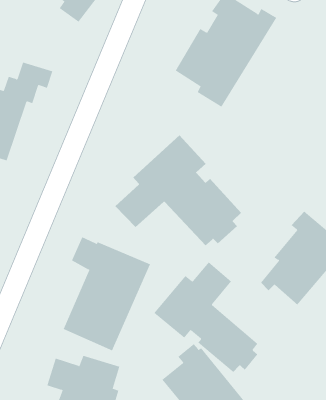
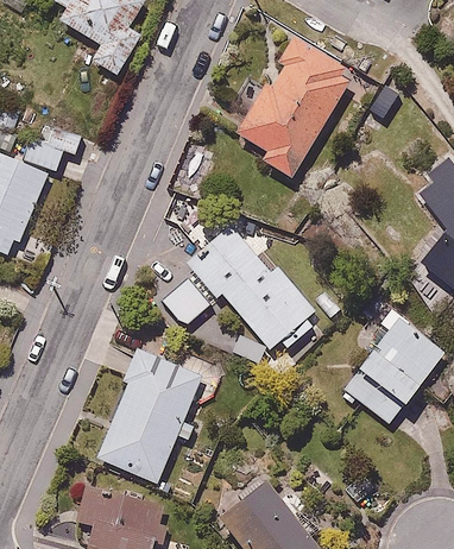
building: [153,261,258,373] -> none

